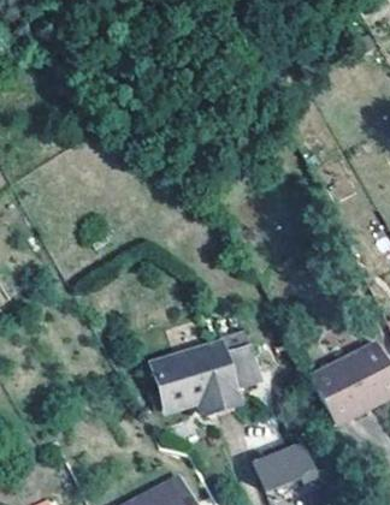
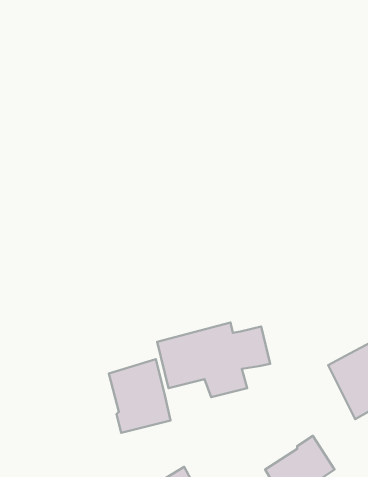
building: none -> [109,359,171,433]

